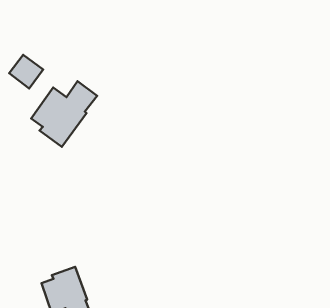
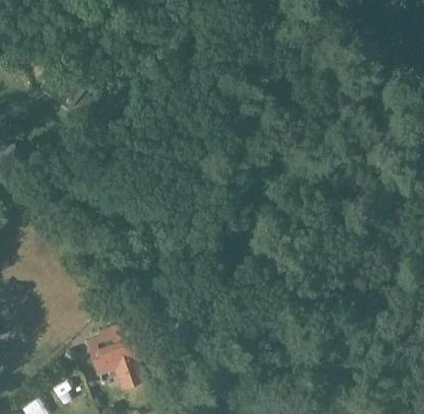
building: [31,81,97,147] -> none

